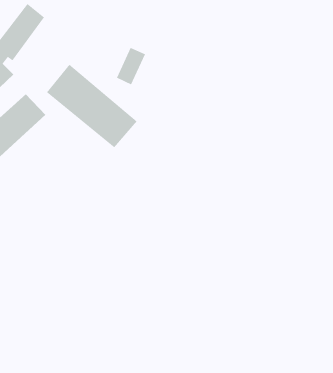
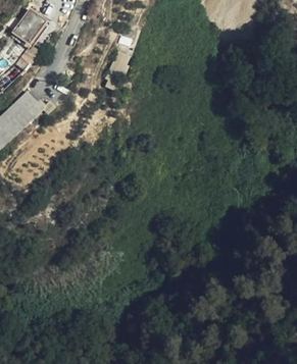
building: [46,64,138,148] -> none

